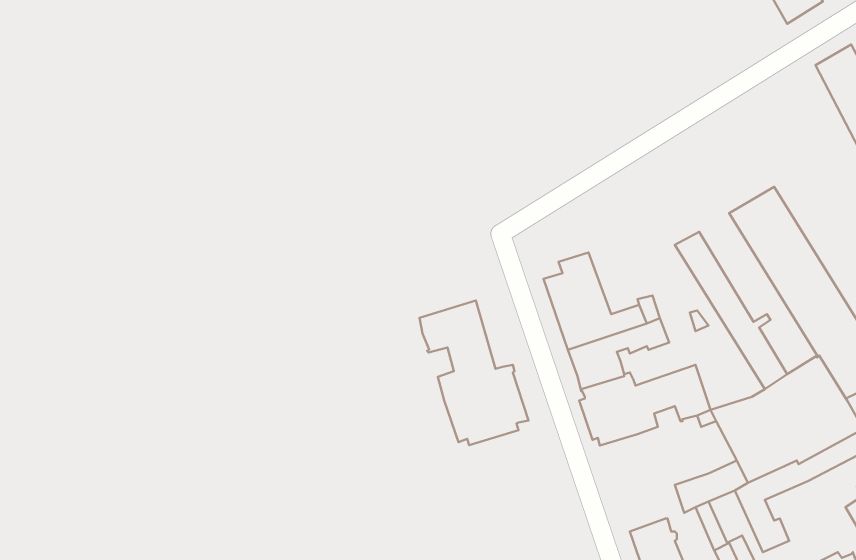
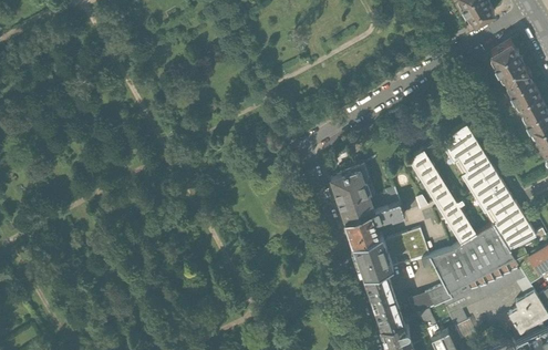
building: [419,300,529,445] -> none
building: none -> [363,272,402,330]

